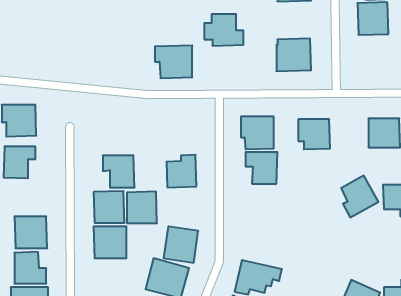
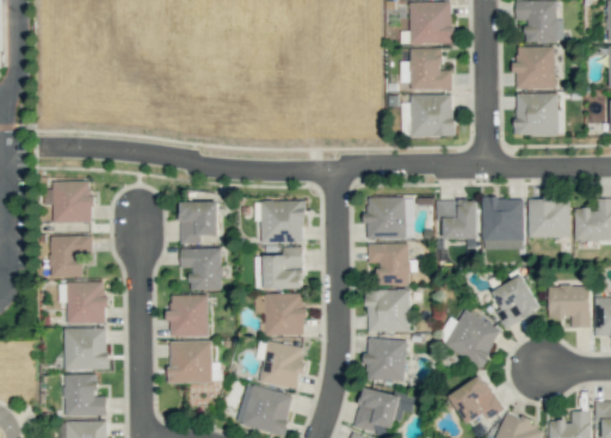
building: [204,14,243,46] -> [400,49,451,91]
building: none -> [516,93,558,136]
building: [155,45,192,78] -> [254,201,303,243]
building: none -> [482,198,524,249]
building: none -> [179,202,220,245]
building: none -> [66,282,106,325]
building: none -> [366,289,411,332]
building: [127,192,157,223] -> [265,294,304,335]
building: none -> [444,310,501,366]
building: none -> [364,339,406,381]
building: none -> [449,375,504,425]

